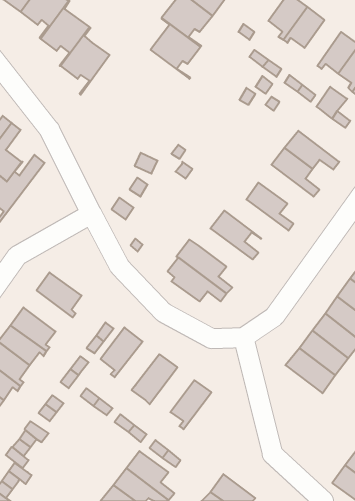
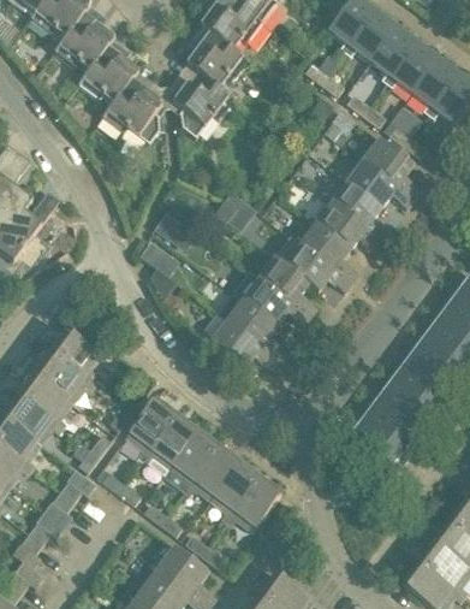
building: none -> [371,26,416,82]
building: none -> [172,63,233,137]
building: none -> [102,69,162,142]
building: none -> [364,138,421,197]
building: none -> [316,201,382,248]
building: none -> [275,236,352,290]
building: none -> [233,271,309,325]
building: none -> [34,353,93,402]
building: none -> [143,414,197,473]
building: none -> [185,445,239,499]
building: none -> [226,475,281,531]

